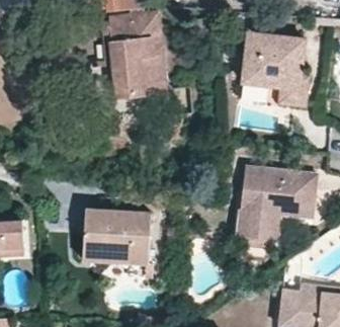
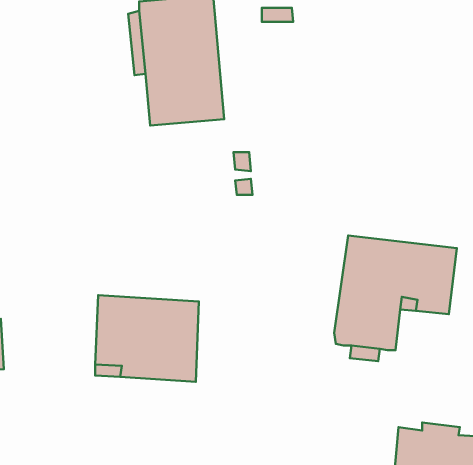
building: [243,33,307,106] -> none

